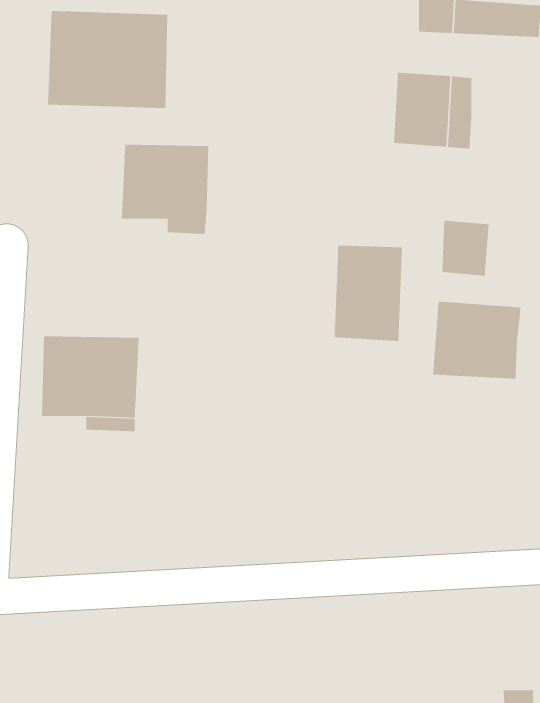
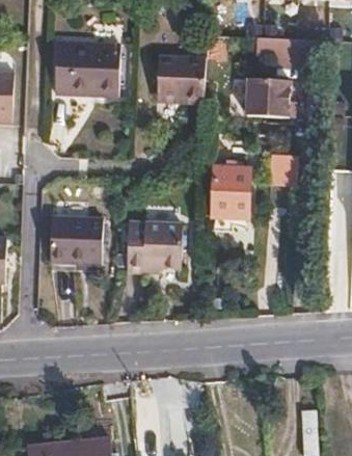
building: [121,144,209,234] -> [156,52,204,101]
building: [432,301,521,380] -> none
building: none -> [126,219,179,270]

